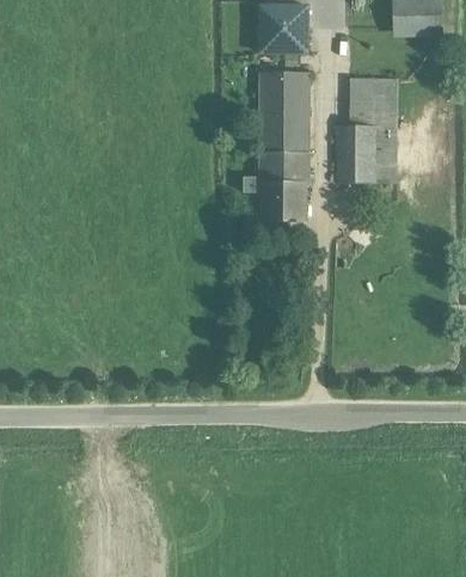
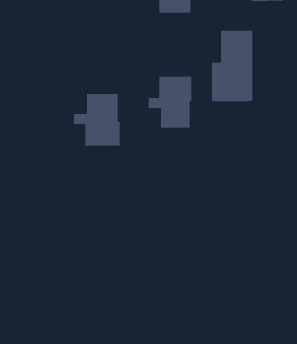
building: [259,72,309,145] -> none
building: none -> [73,93,120,147]

